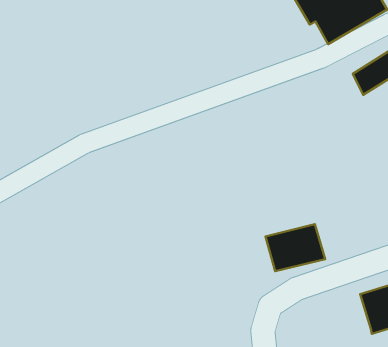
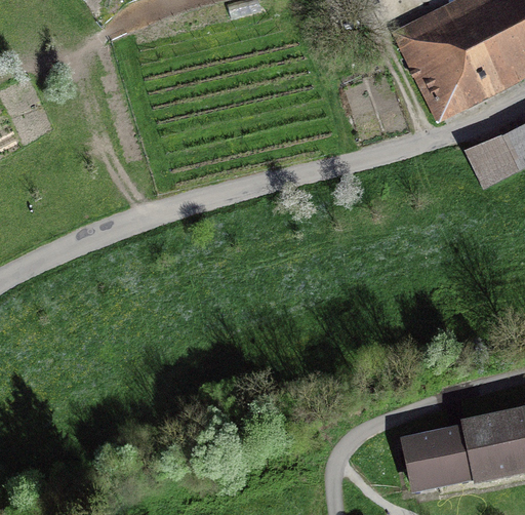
building: [266,224,325,271] -> [400,432,474,488]

